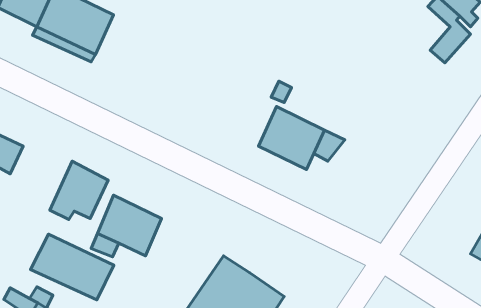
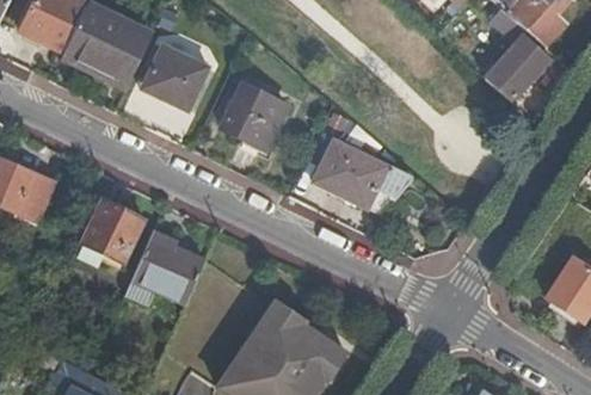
building: none -> [141,47,203,107]
building: none -> [223,82,288,147]
building: [31,234,114,300] -> none

